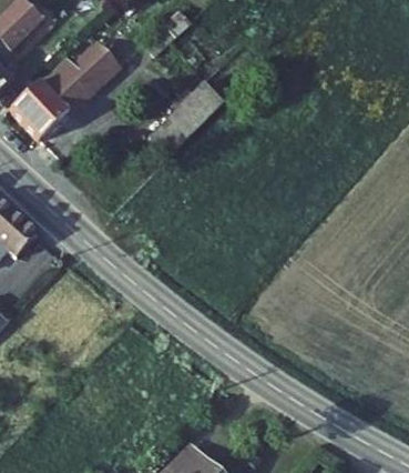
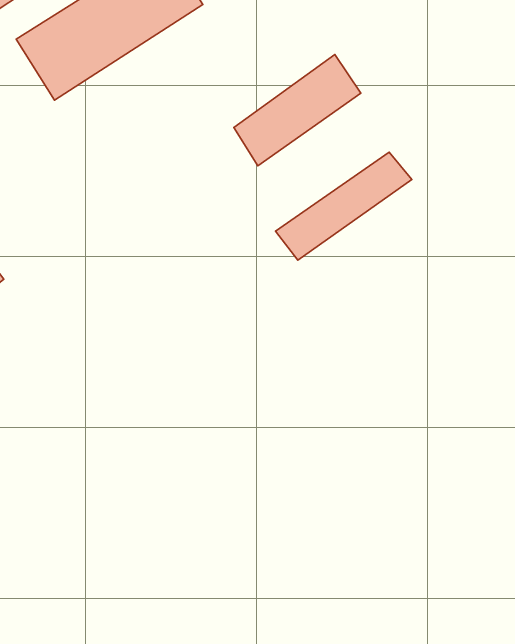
building: none -> [276,152,412,260]

